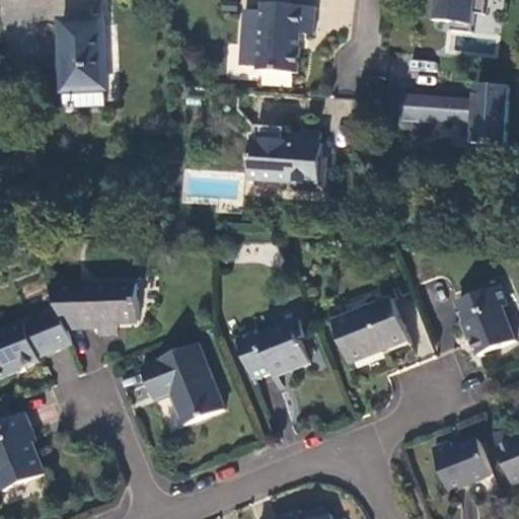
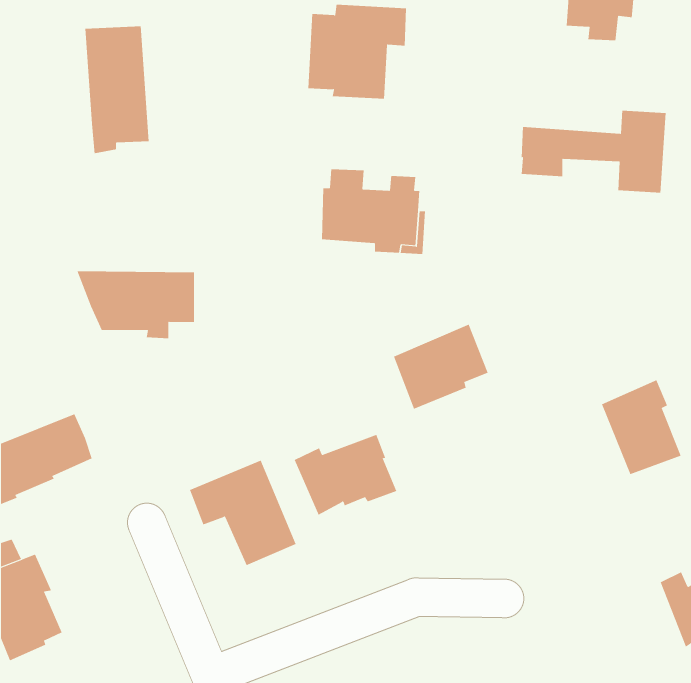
building: [49,282,137,332] -> [77,271,195,339]
building: [337,297,407,361] -> [393,324,488,410]
building: [433,437,493,490] -> none

